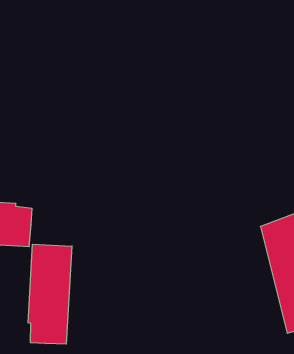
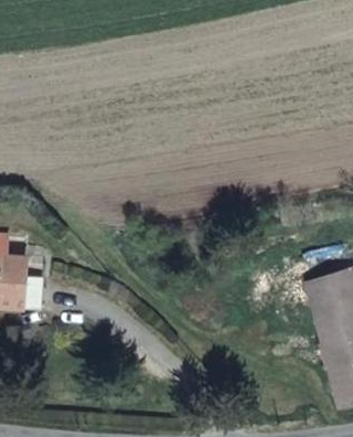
building: [28,244,72,344] -> none

